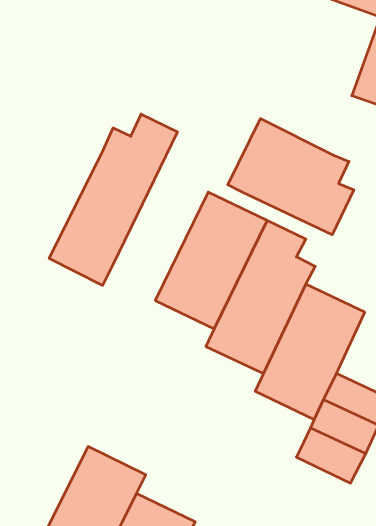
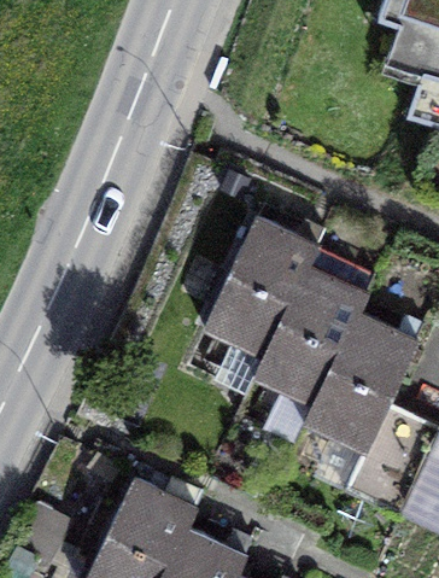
building: [49,114,177,285] -> none
building: [228,119,354,235] -> none

